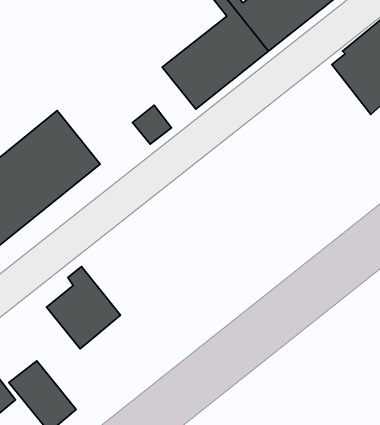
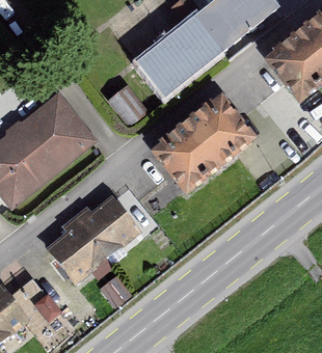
building: none -> [156,100,250,190]
building: none -> [76,197,137,253]

